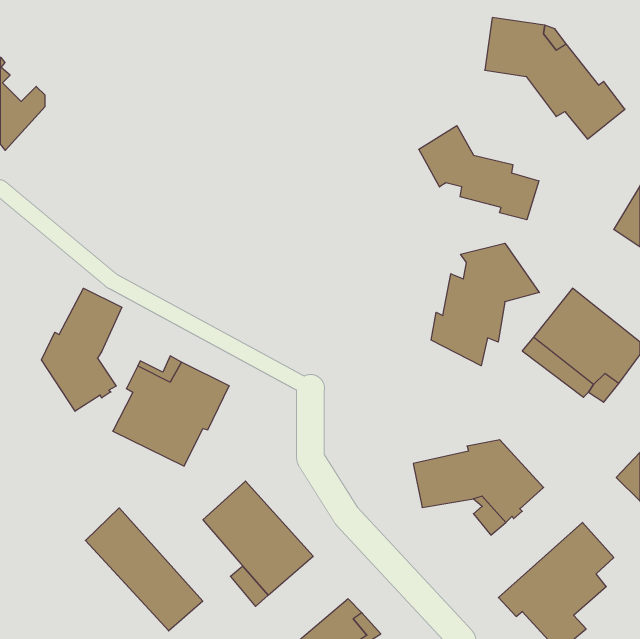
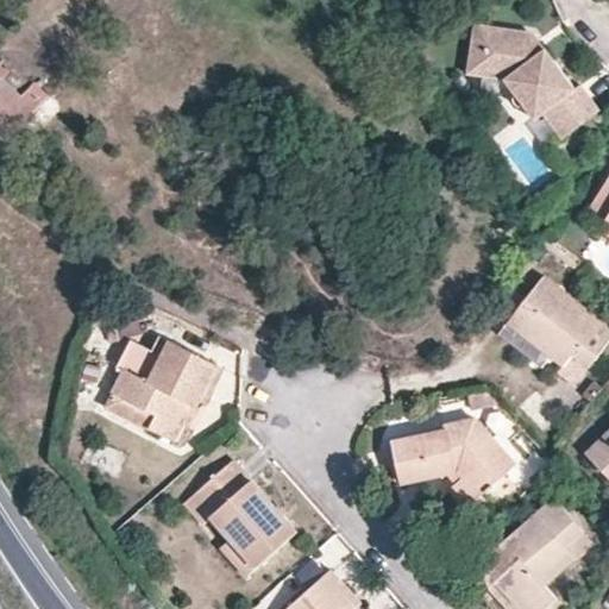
building: [419,126,539,220] -> none
building: [431,243,539,366] -> none
building: [42,288,122,411] -> none
building: [85,508,203,631] -> none

